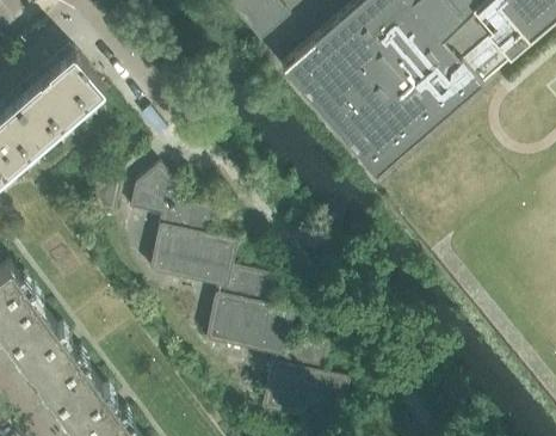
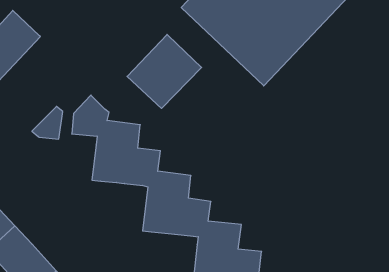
building: none -> [127,34,202,108]

